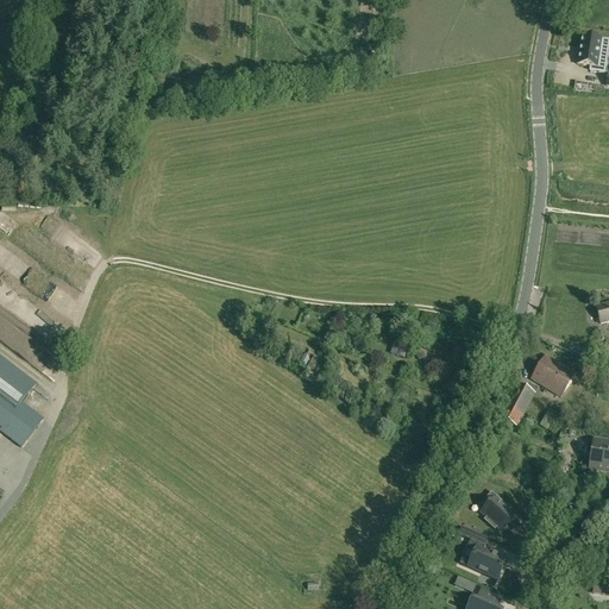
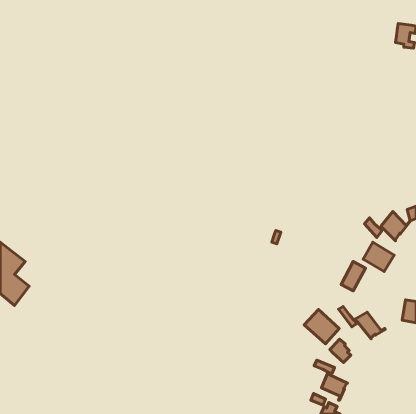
building: none -> [365,211,410,241]
building: none -> [339,306,385,339]
building: none -> [304,309,339,344]

